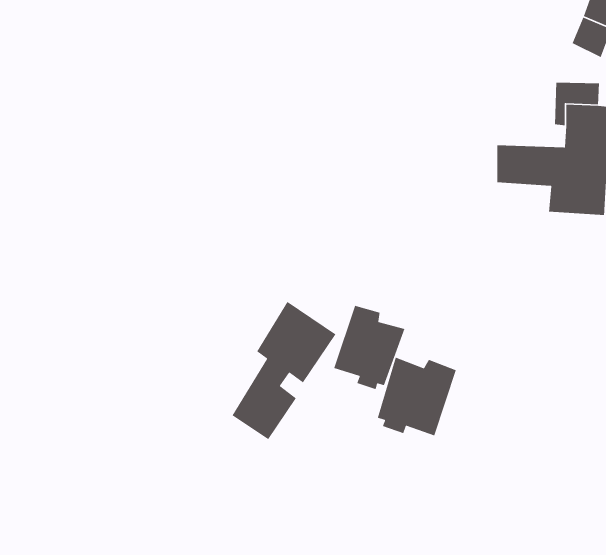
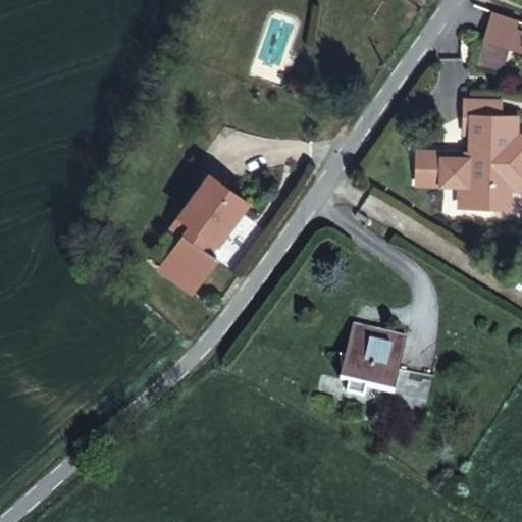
building: [232,301,336,440] -> [159,177,246,293]
building: [333,305,405,390] -> none

